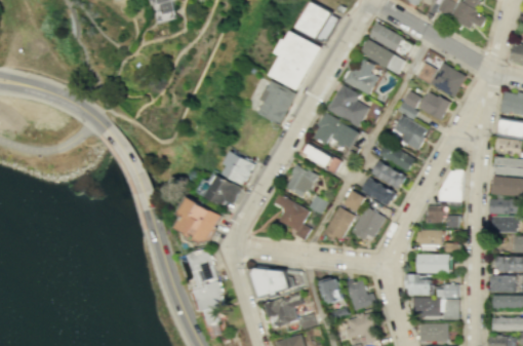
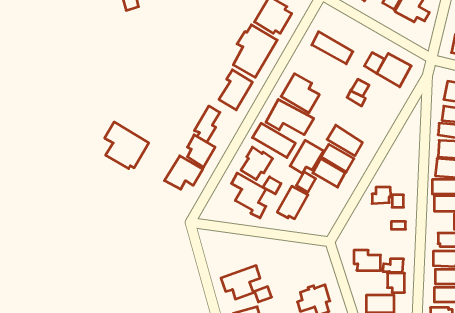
building: [369,22,413,56] -> none
building: [344,57,374,93] -> none
building: [419,91,451,119] -> none
building: [391,115,427,149] -> none
building: none -> [194,106,220,142]
building: [436,169,461,202] -> none
building: [178,192,226,242] -> [105,122,149,169]
building: [350,205,386,241] -> [290,140,323,174]
building: [416,230,442,245] -> none
building: [192,249,225,324] -> none
building: [418,254,451,273] -> none
building: [253,268,306,302] -> none
building: [320,276,344,304] -> none
building: [345,279,375,310] -> none
building: [412,298,441,316] -> none

